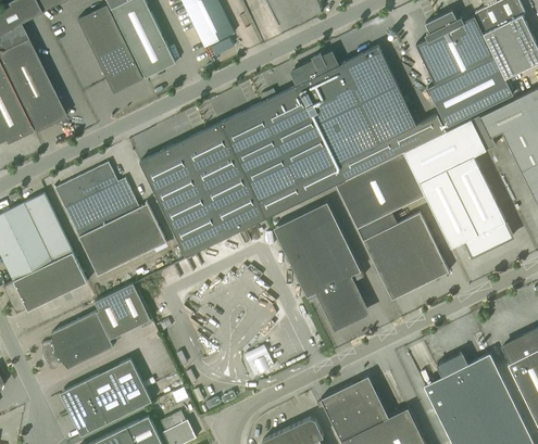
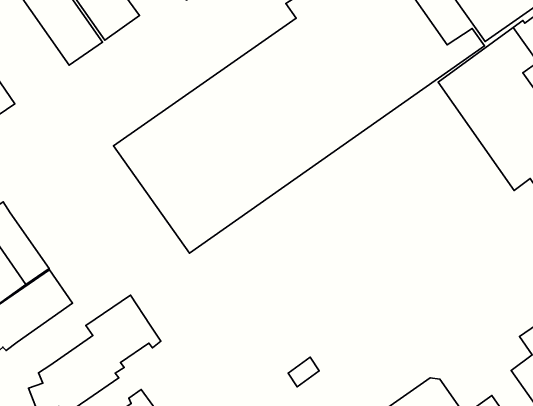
building: [336,152,423,227] -> none
building: [54,165,166,276] -> none
building: [274,202,364,327] -> none
building: [363,212,449,299] -> none

